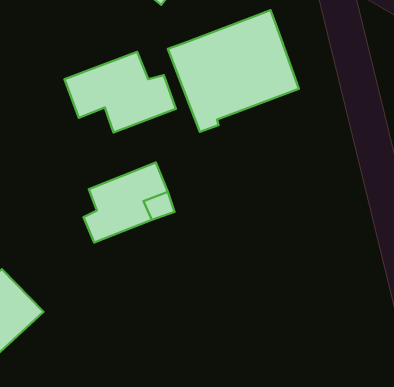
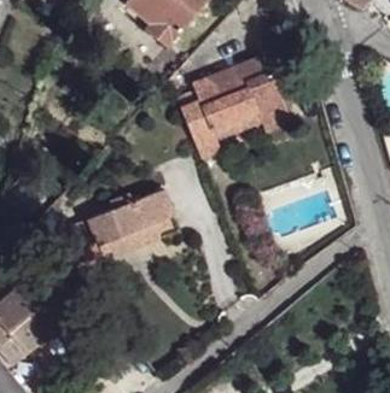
building: [65,52,176,132] -> none

